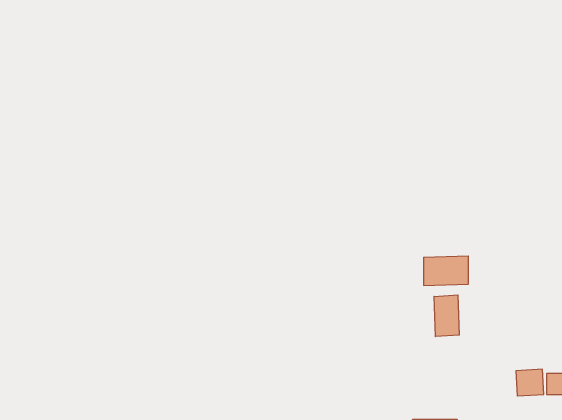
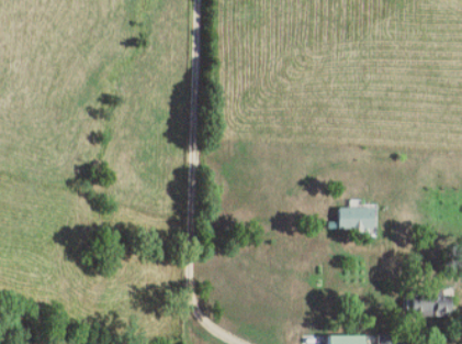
building: [434,295,459,337] -> none

